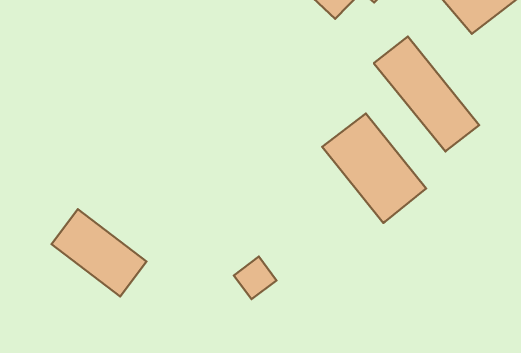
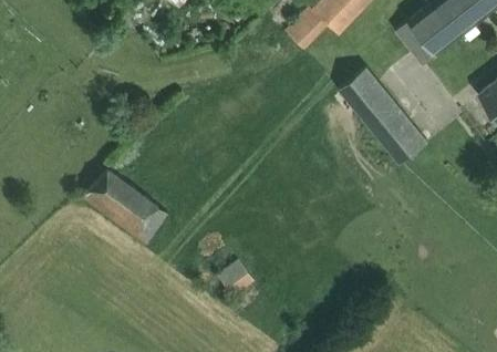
building: [322,114,426,223] -> none
building: [51,209,147,297] -> [81,168,165,246]

